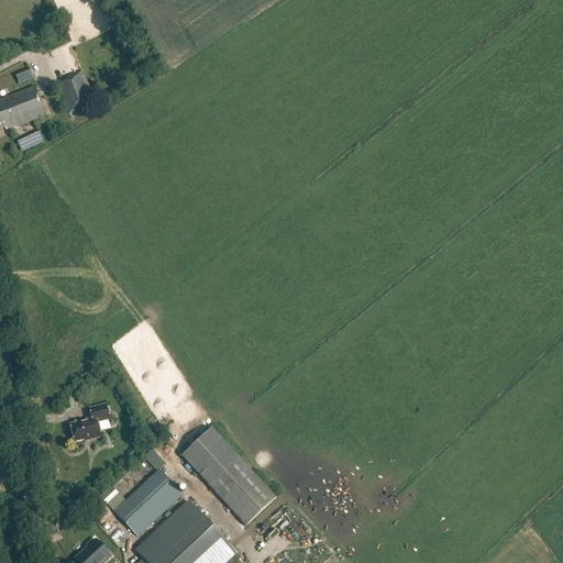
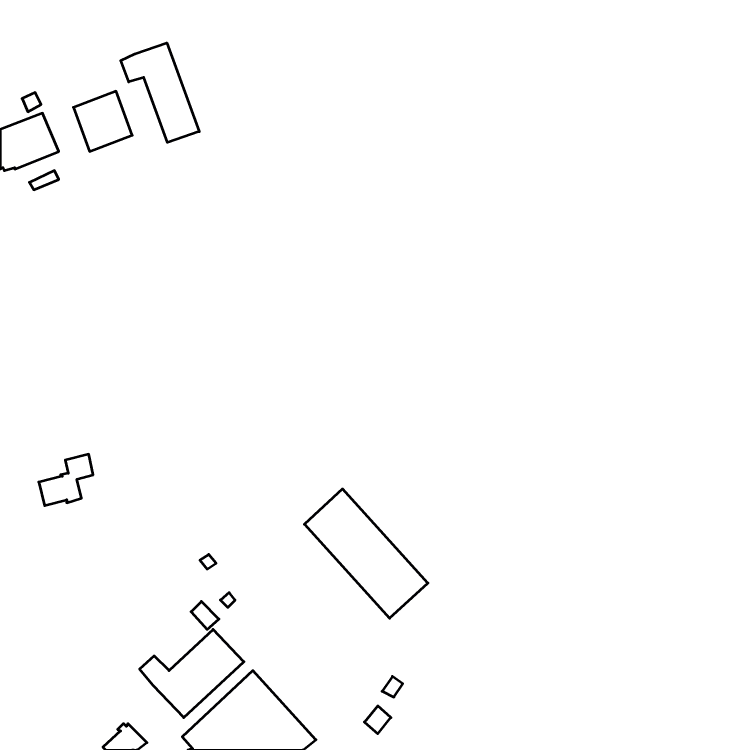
building: none -> [121,43,199,142]
building: [69,404,110,442] -> [39,454,93,506]
building: [183,429,275,526] -> [304,489,428,618]

